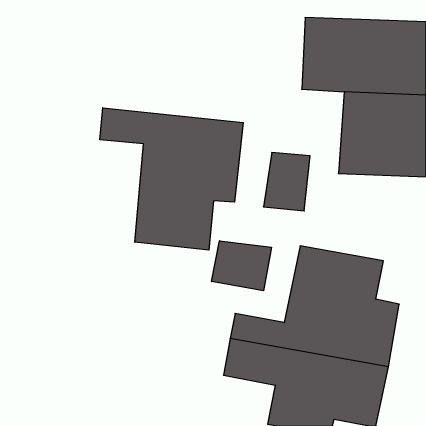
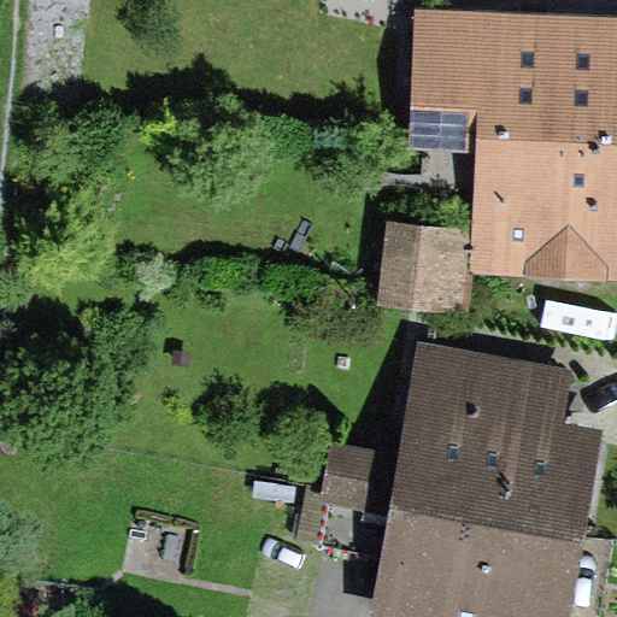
building: [100,108,243,250] -> none
building: [212,241,271,291] -> none

